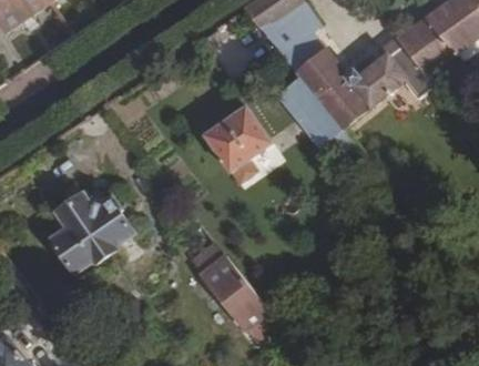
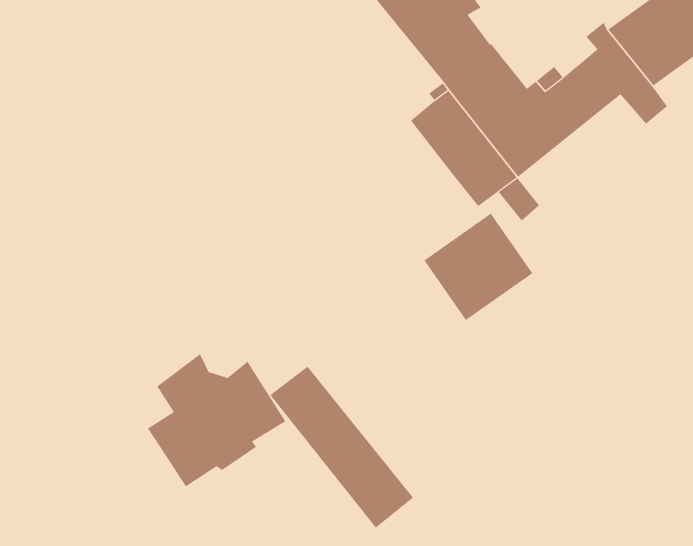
building: [204,106,271,172] -> [423,213,533,321]
building: [50,192,134,273] -> [147,354,286,487]

